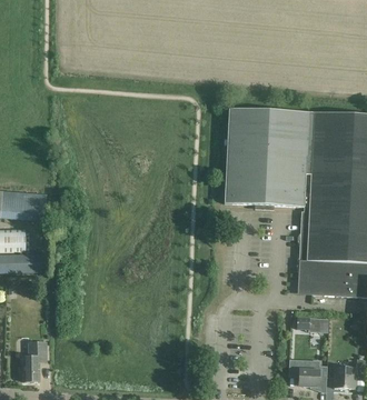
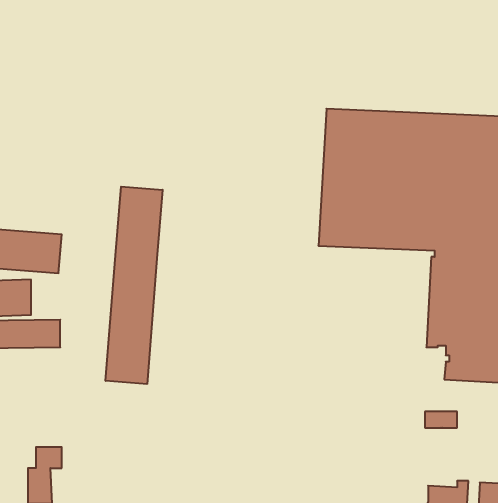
building: none -> [106,187,163,384]

